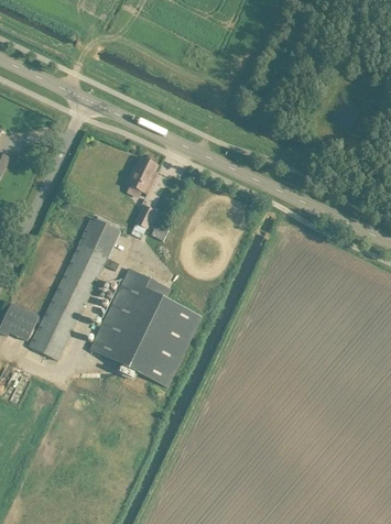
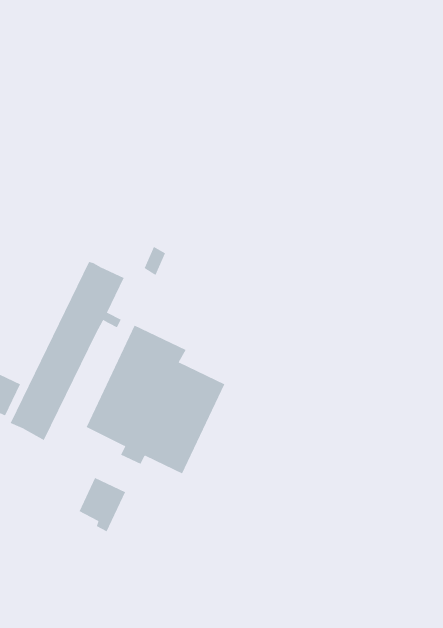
building: [126,156,156,194] -> none
building: none -> [79,477,126,532]

